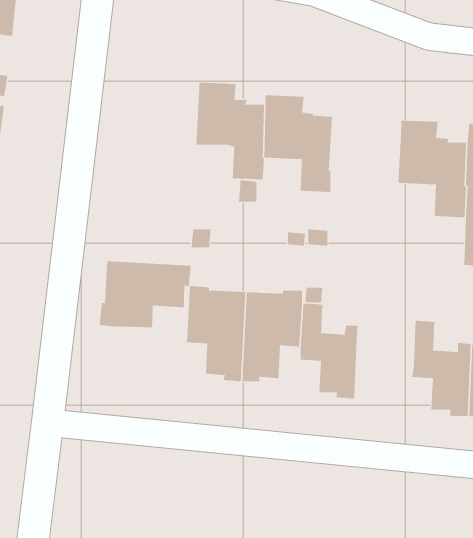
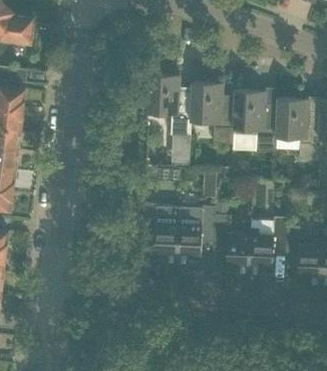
building: none -> [232,89,277,151]
building: [99,261,191,328] -> none
building: none -> [248,217,287,275]

